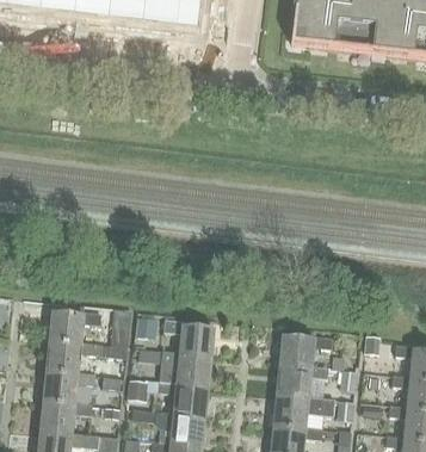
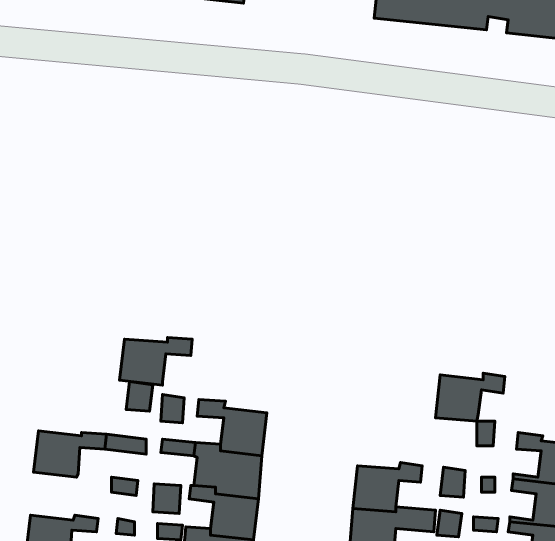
building: [49,310,101,345] -> [120,337,192,385]
building: [279,334,329,369] -> [435,373,505,421]
building: [43,371,94,405] -> none

